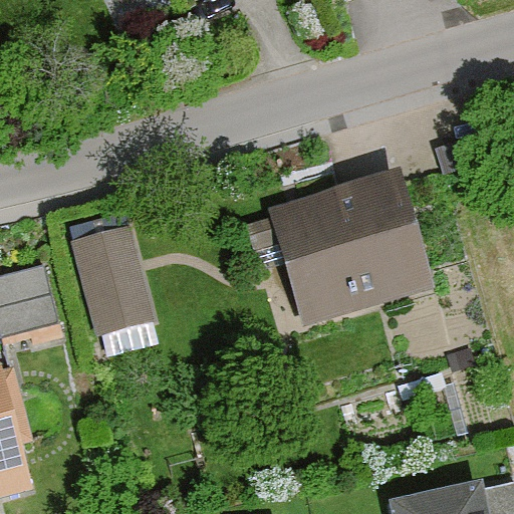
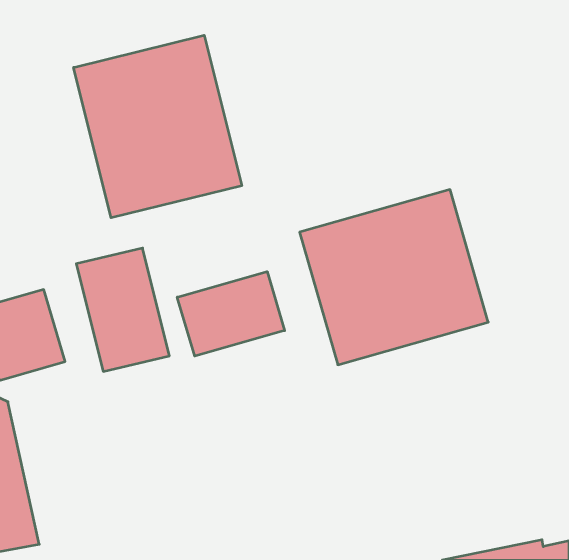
building: none -> [74,35,242,218]
building: none -> [177,272,285,356]

